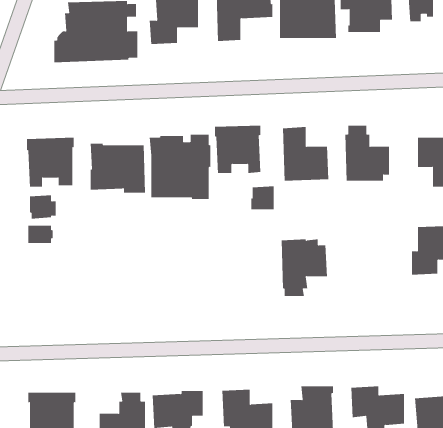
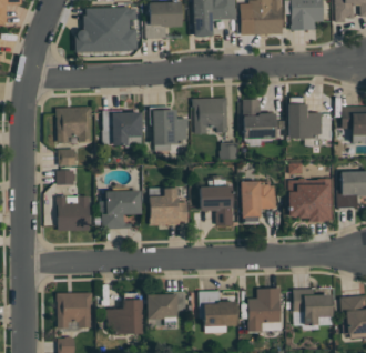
building: none -> [288,179,332,222]
building: none -> [201,185,234,225]
building: none -> [150,188,187,225]
building: none -> [100,190,142,229]
building: none -> [57,196,90,231]

